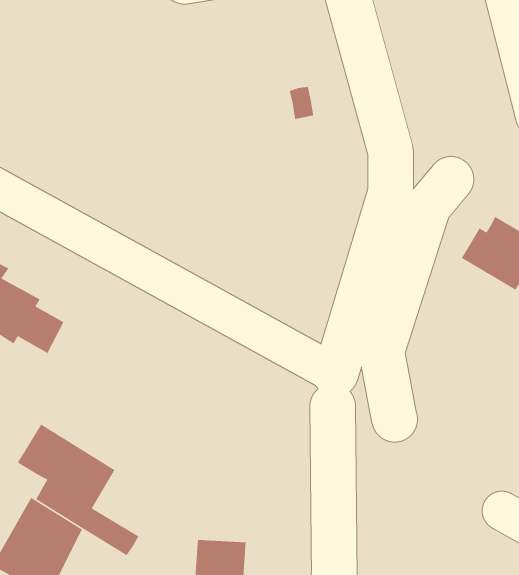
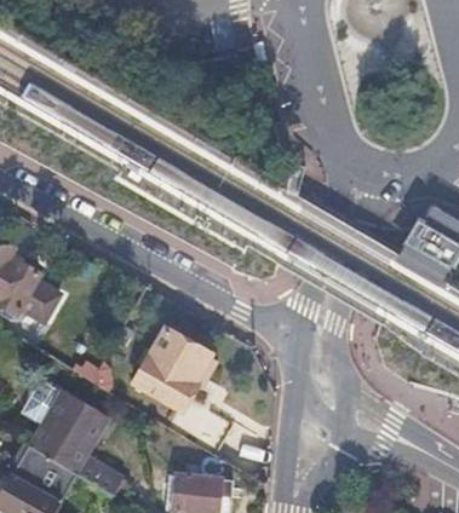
building: none -> [134,329,230,453]

